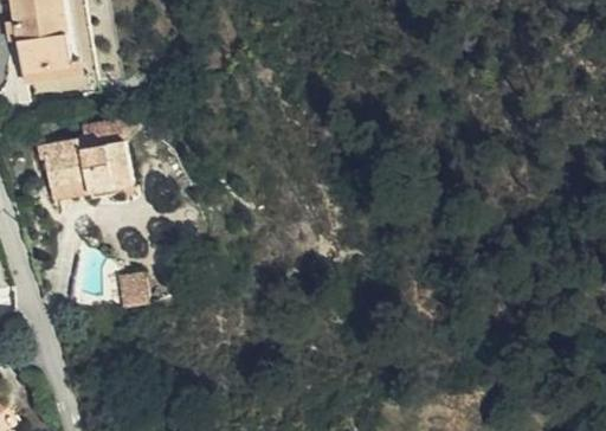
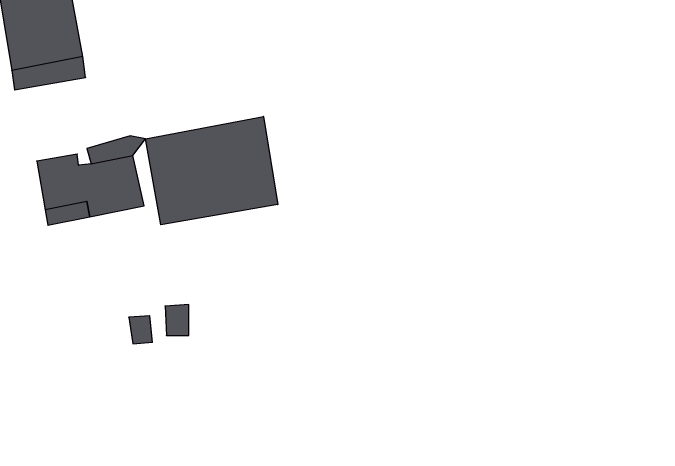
building: none -> [146,116,278,225]

